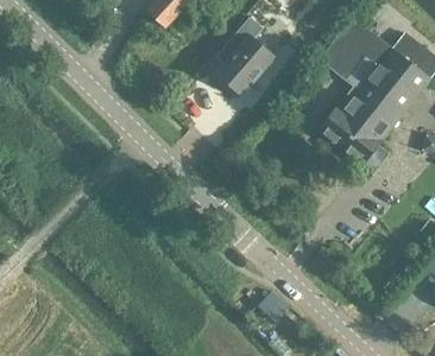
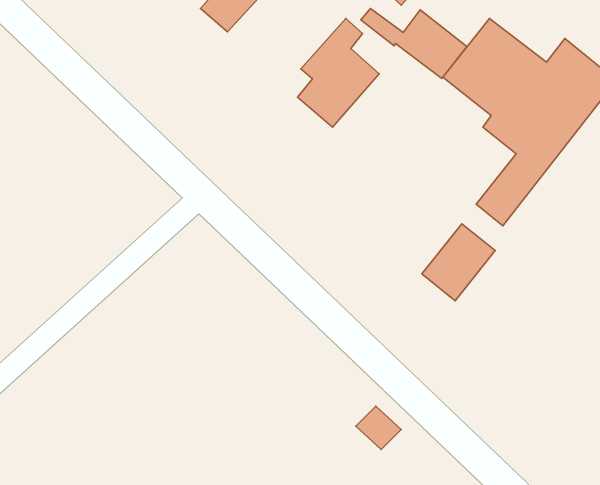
building: none -> [361,8,467,78]
building: [320,94,372,148] -> [422,224,495,301]

